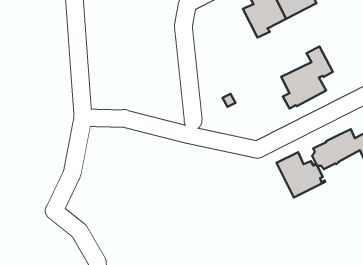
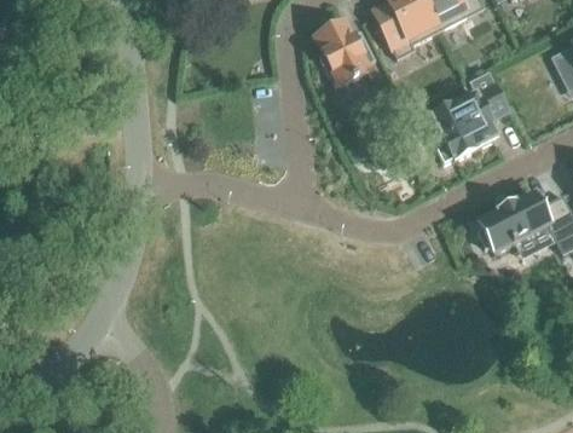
building: none -> [314,23,374,86]
building: [277,152,325,198] -> none

